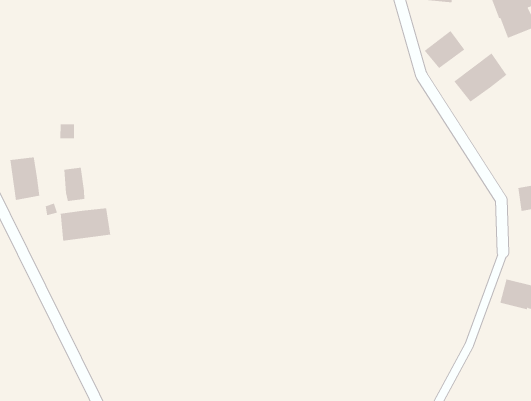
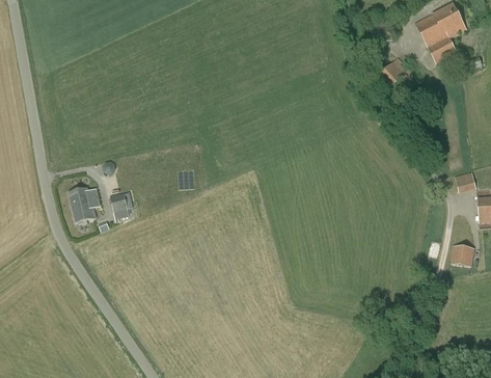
building: [453,52,507,103] -> none
building: [60,208,111,241] -> none

